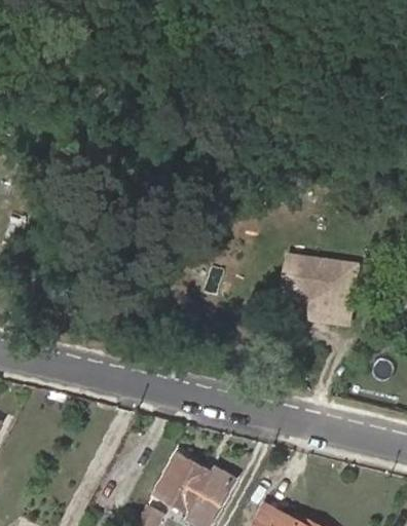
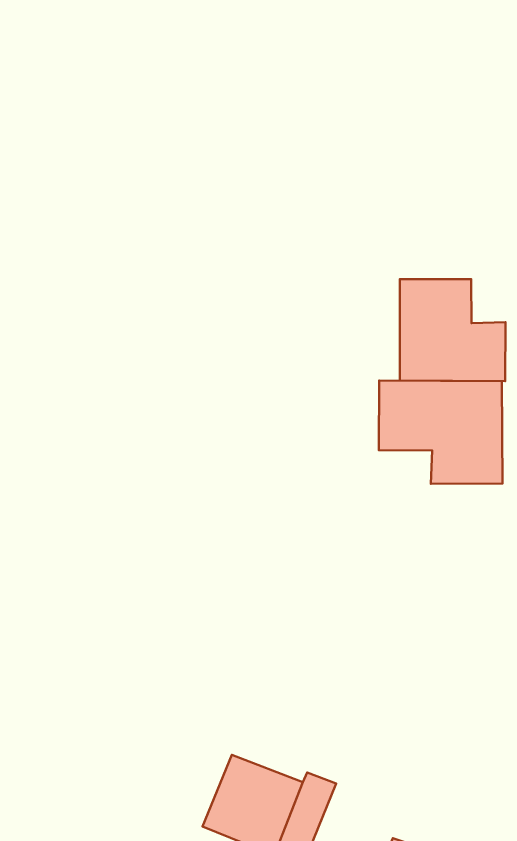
building: none -> [400,279,505,381]

